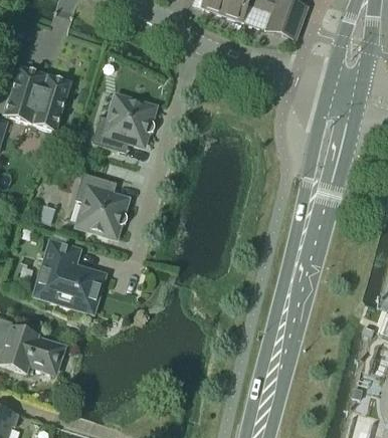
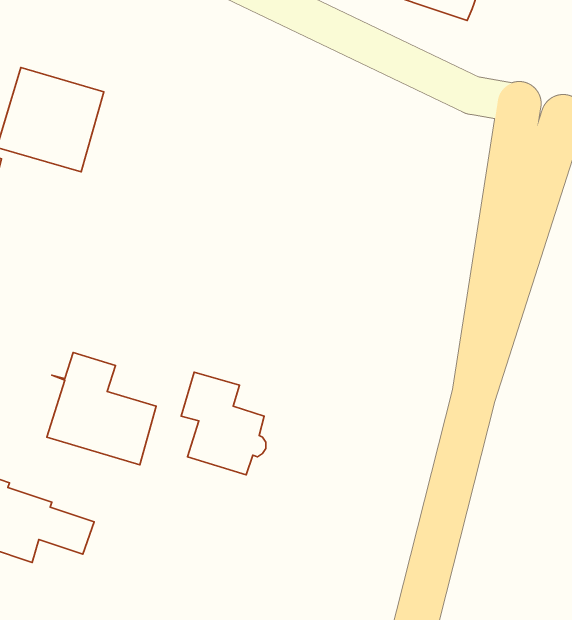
building: [91,97,155,152] -> none
building: [74,173,127,236] -> [181,372,266,475]

